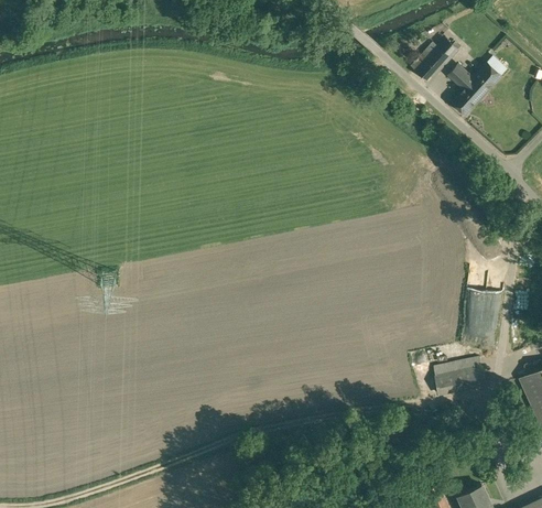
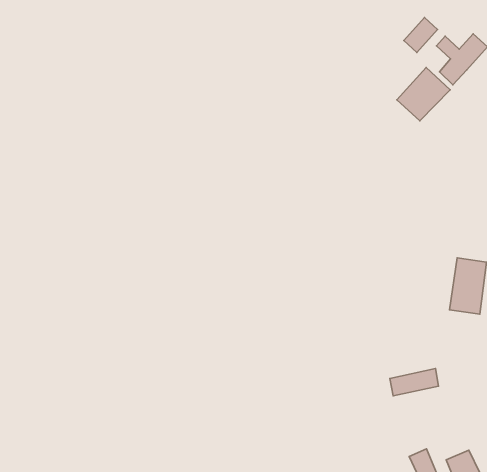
building: none -> [397,68,450,121]
building: [435,365,485,392] -> [390,369,439,396]

